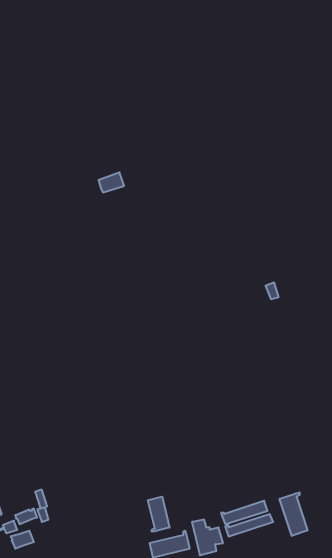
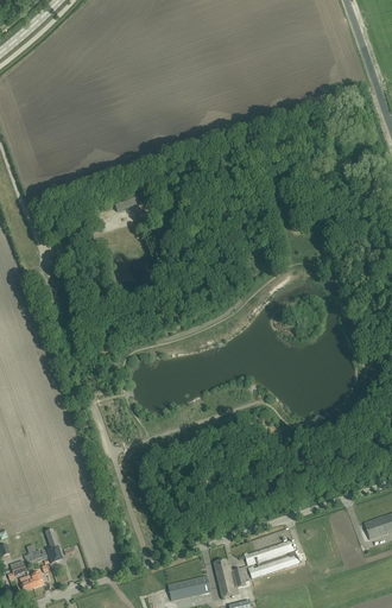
building: [280,492,308,536] -> none
building: [148,497,170,532] -> none

